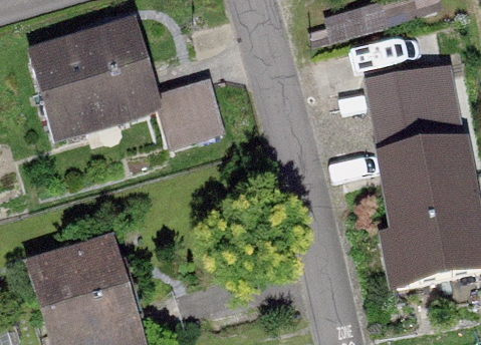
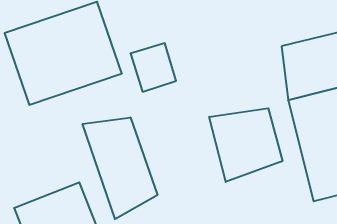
building: none -> [209,108,282,182]
building: none -> [83,117,157,219]

